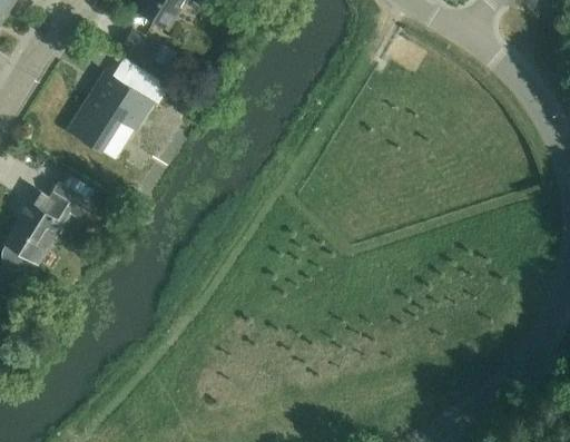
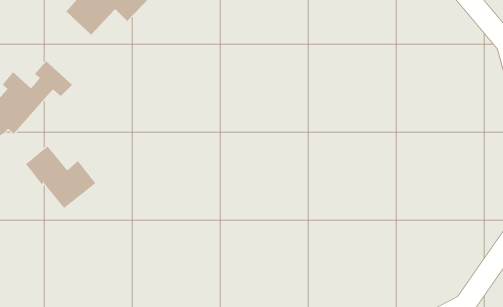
building: none -> [25,145,96,209]

